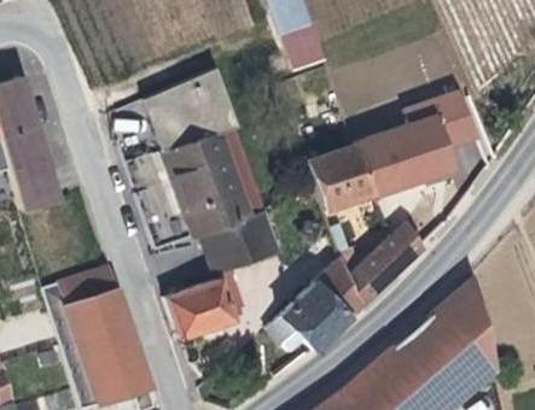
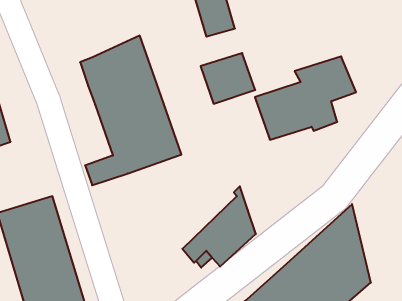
building: [306,147,372,209] -> [201,53,255,104]
building: [200,213,280,276] -> none
building: [347,224,421,310] -> none
building: [167,275,246,339] -> none

